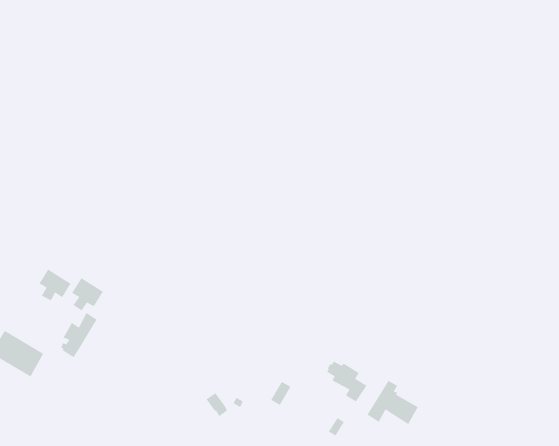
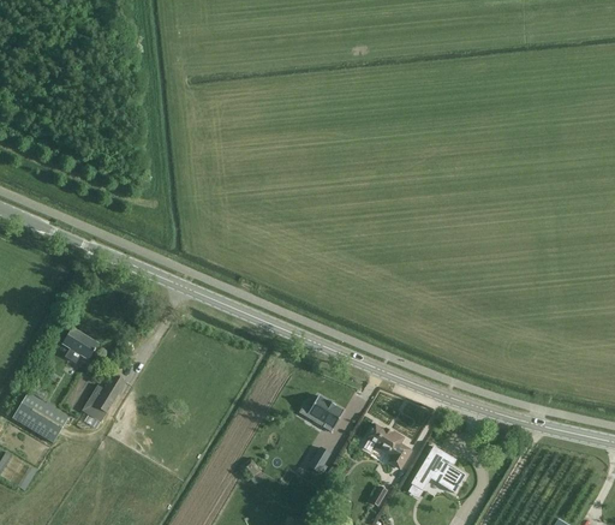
building: [71,277,104,312] -> none
building: none -> [300,396,342,431]

